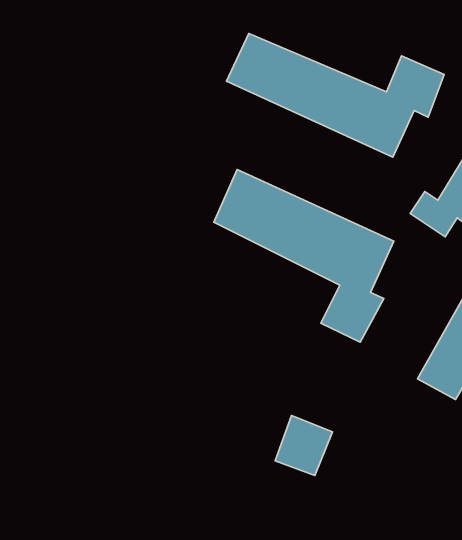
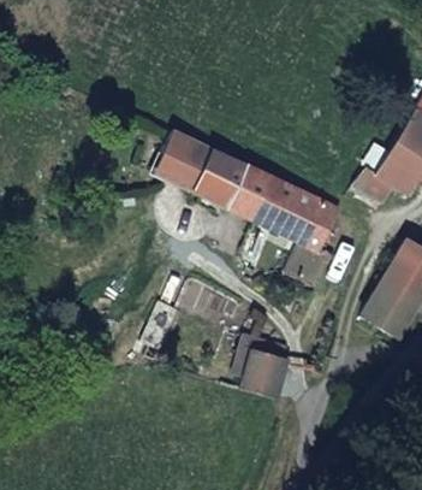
building: [226,34,444,157] -> none
building: none -> [153,130,213,190]

